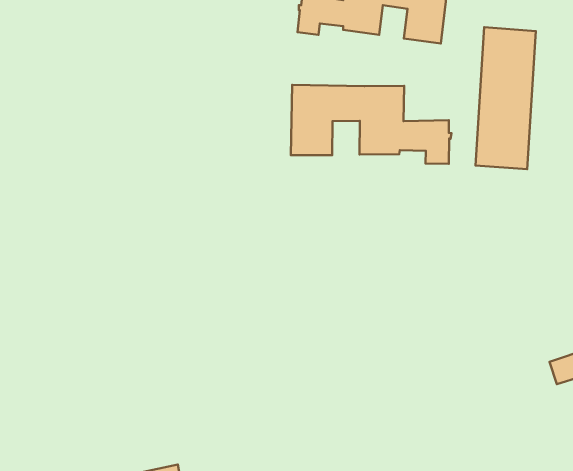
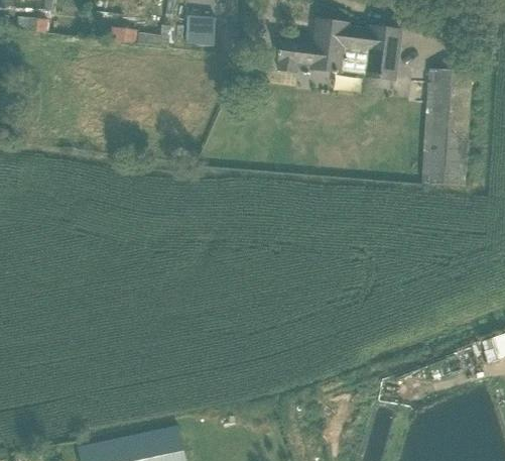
building: [291,85,451,164] -> none

